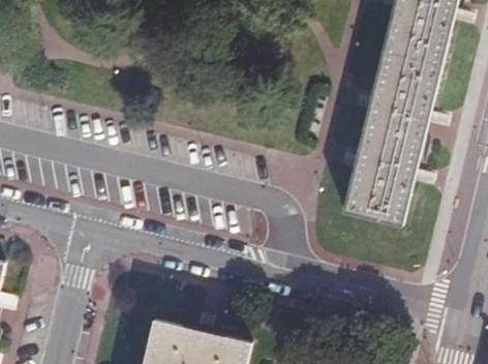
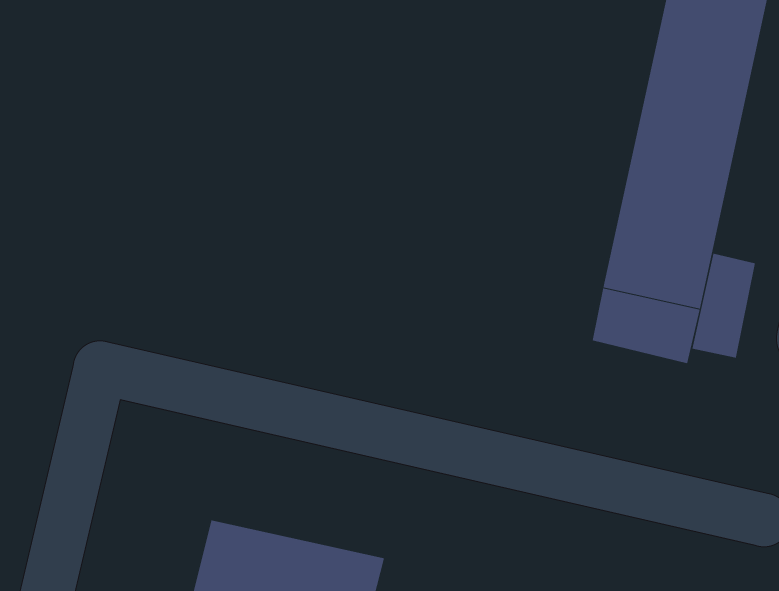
building: none -> [692,253,755,359]

